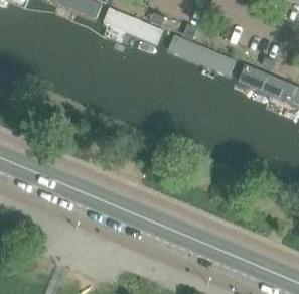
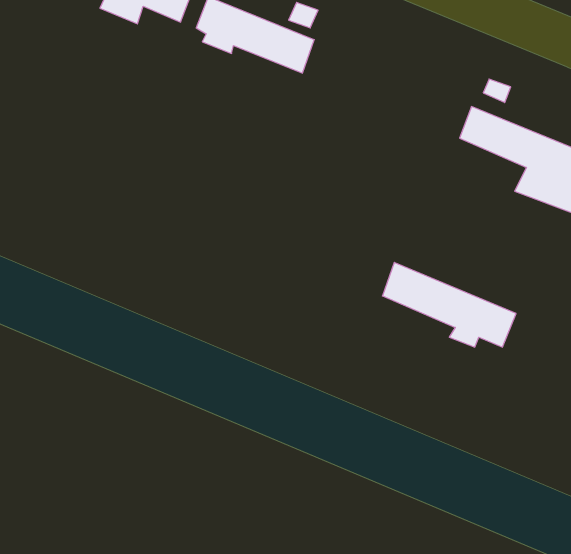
building: [167,33,236,77] -> [382,262,516,347]

